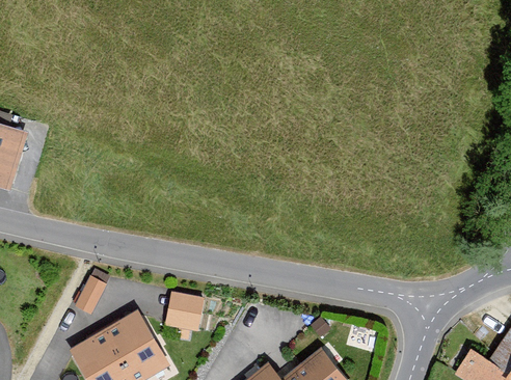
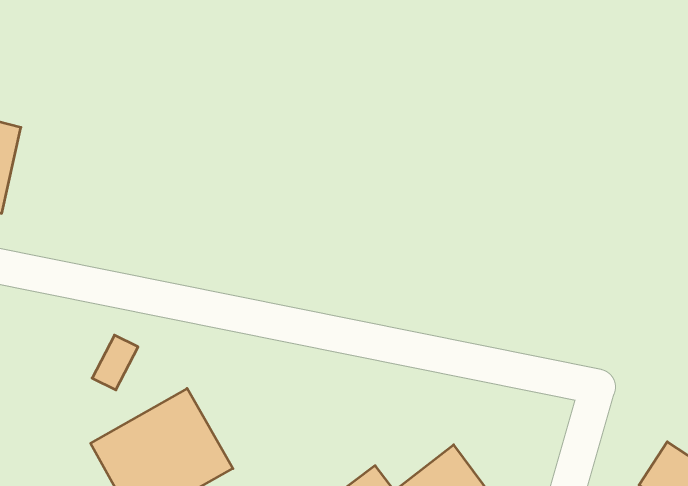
building: [163,289,204,329] -> none

